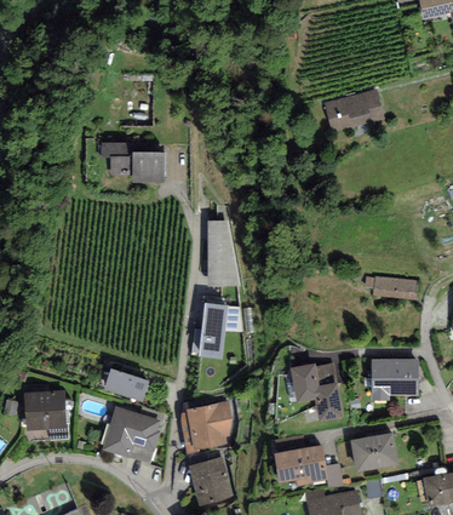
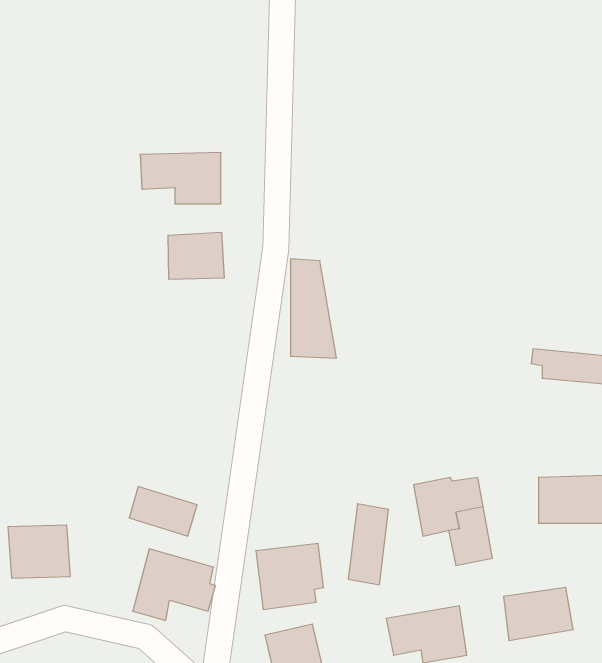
building: [325,87,385,128] -> none
building: none -> [168,232,224,279]
building: [201,301,228,354] -> [348,504,389,585]

